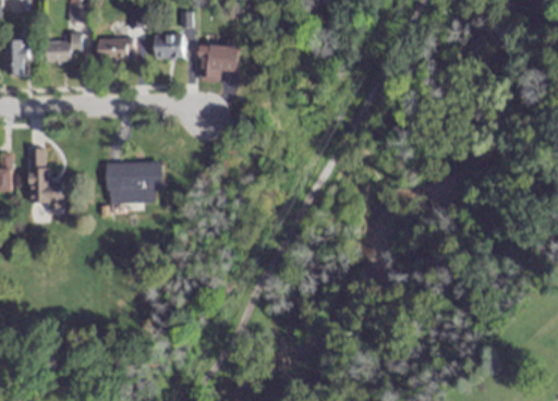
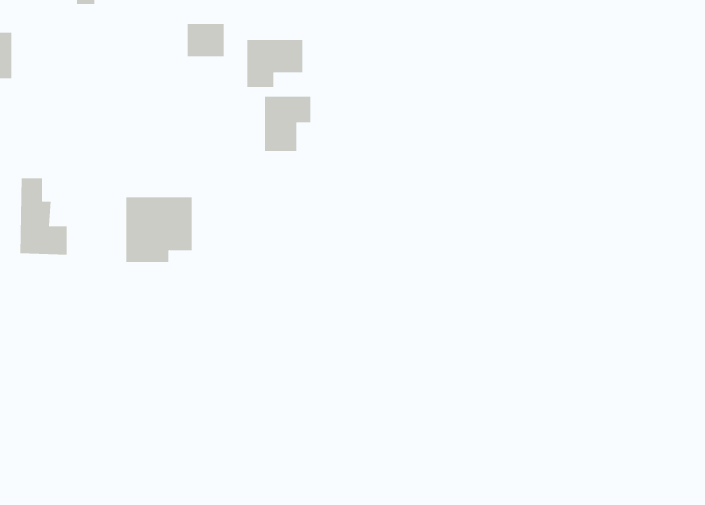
building: [47,33,81,60] -> none
building: [98,37,135,59] -> none
building: none -> [264,96,311,152]

